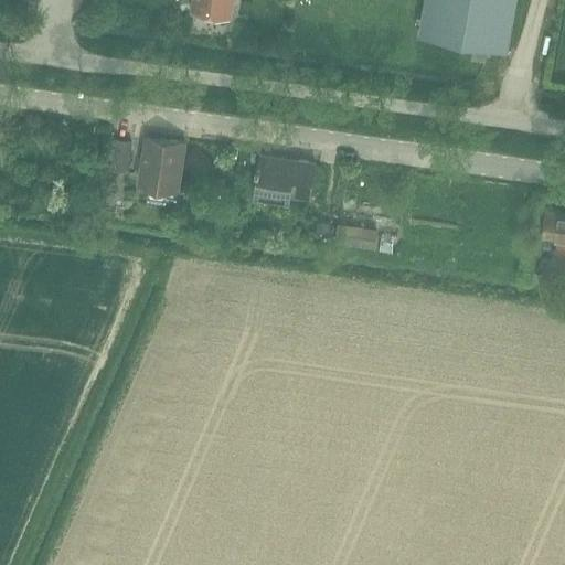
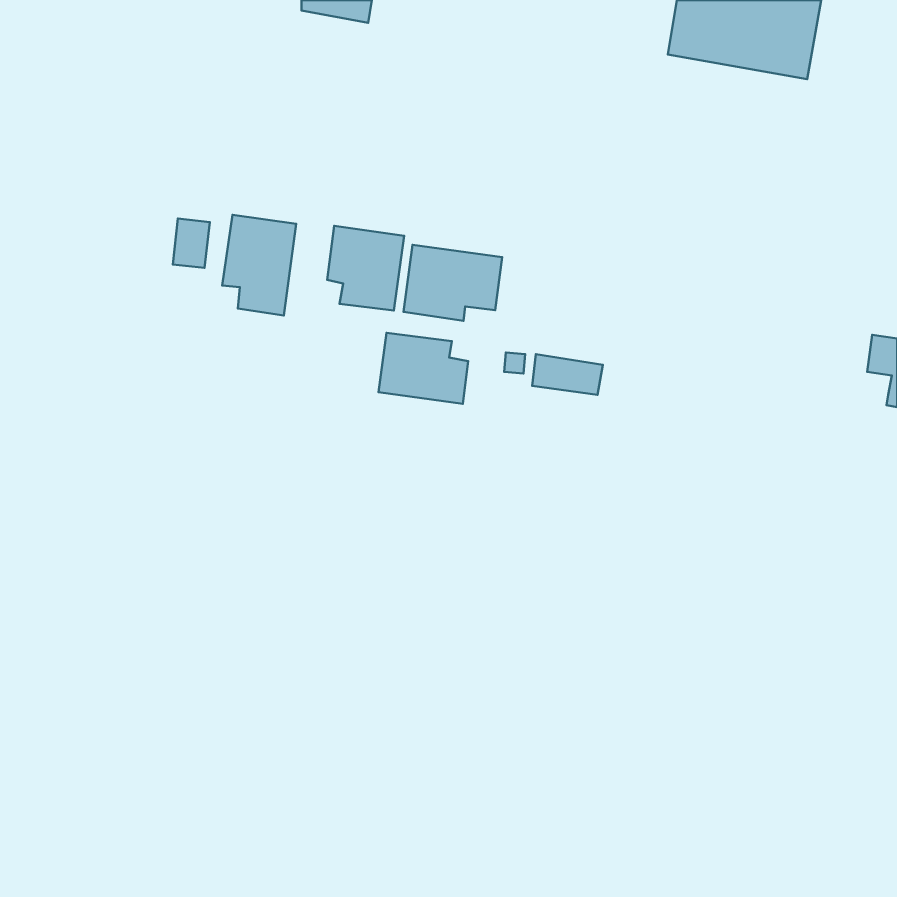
building: none -> [327,226,404,310]
building: none -> [379,333,468,404]

